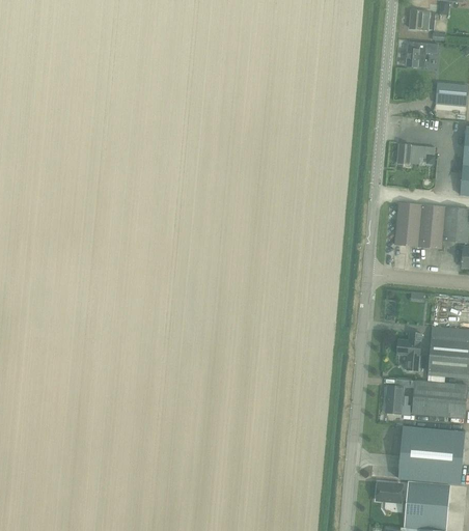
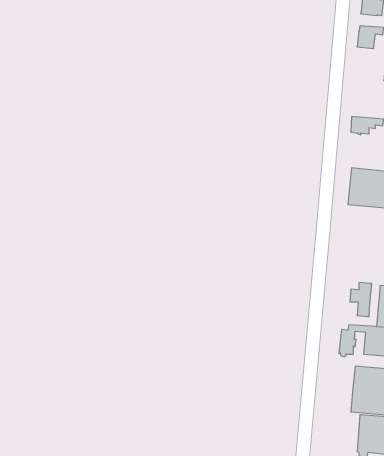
building: [377,481,403,501] -> none

